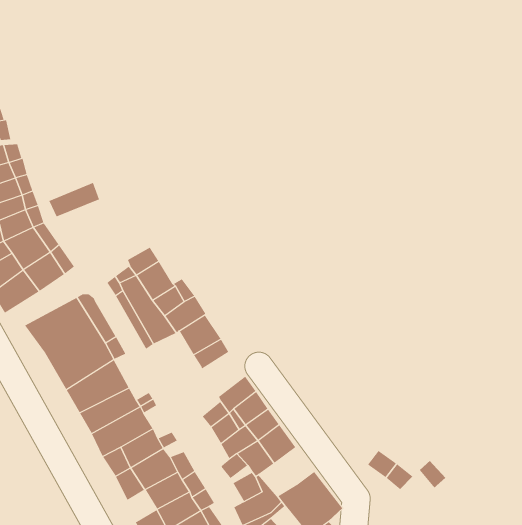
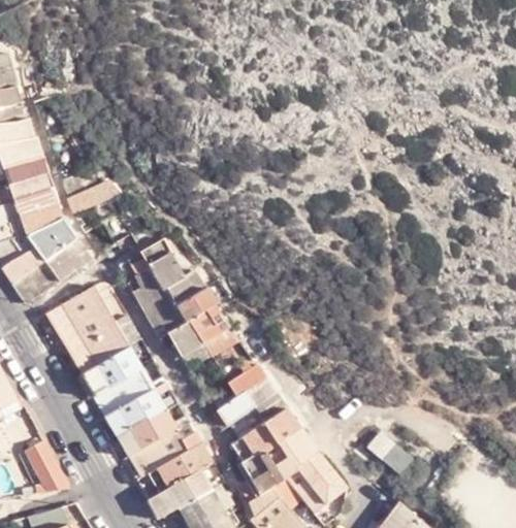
building: none -> [166,320,211,368]
building: none -> [265,429,318,475]
building: none -> [26,439,72,494]

